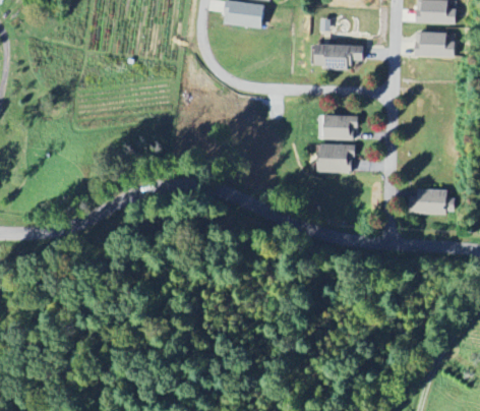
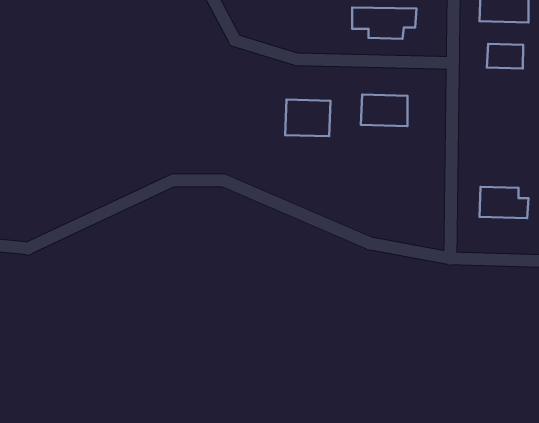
building: none -> [487,44,523,68]
building: [318,143,355,173] -> [285,100,331,136]

